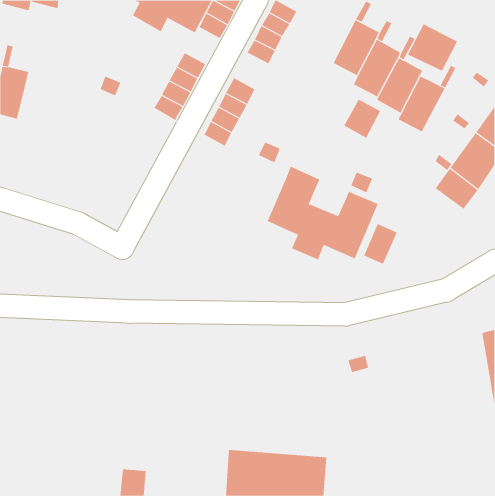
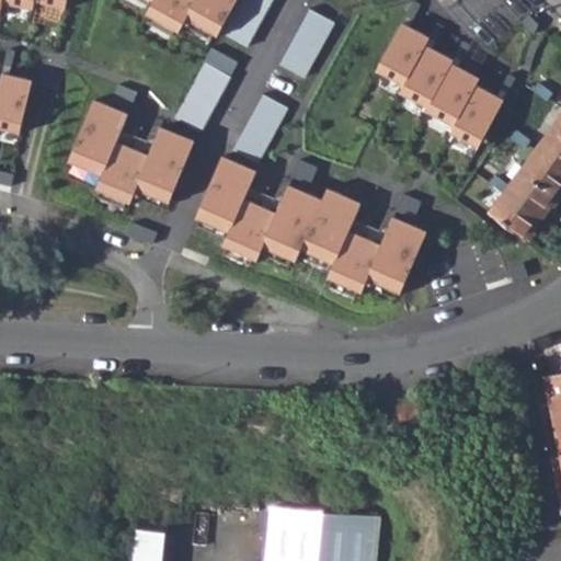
building: [407,24,458,72] -> none
building: none -> [69,101,195,204]
building: [344,99,381,139] -> none
building: none -> [196,157,323,260]
building: [364,223,397,264] -> none

